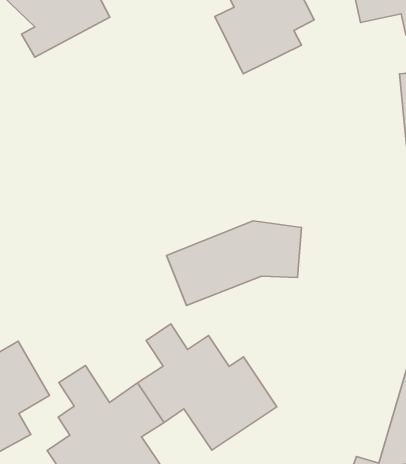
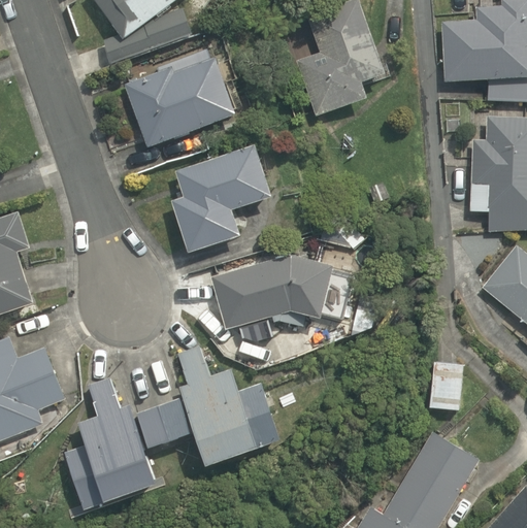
building: none -> [126,44,242,146]
building: none -> [174,145,276,255]

